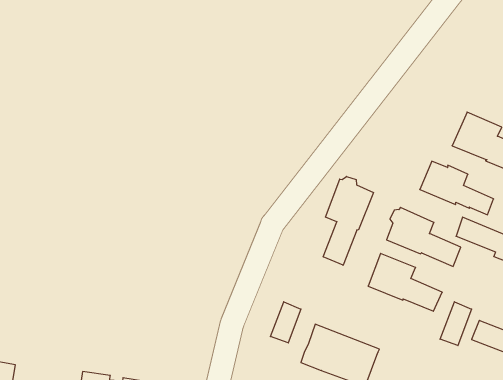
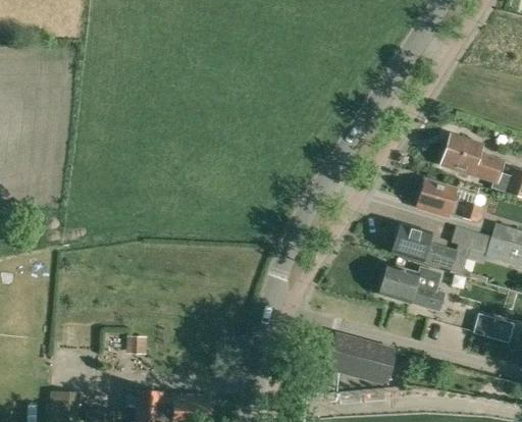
building: [323,176,374,265] -> none
building: [440,302,472,346] -> none
building: [270,302,301,343] -> none

